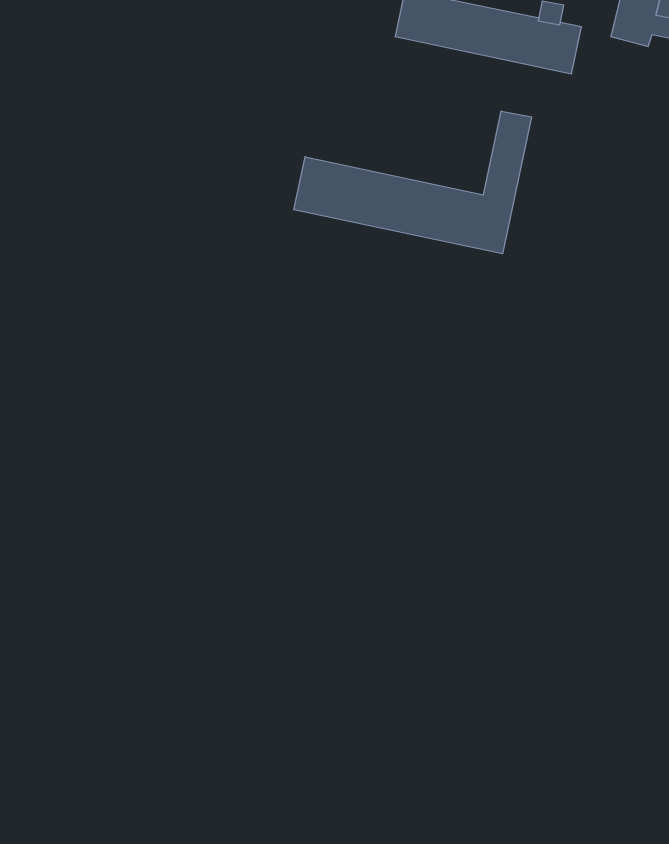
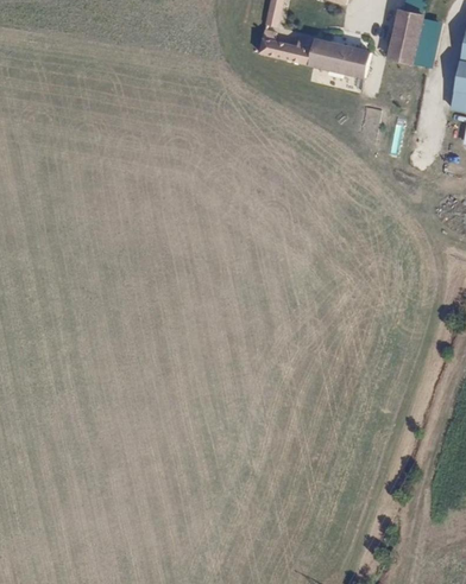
building: [294,111,532,254] -> none

